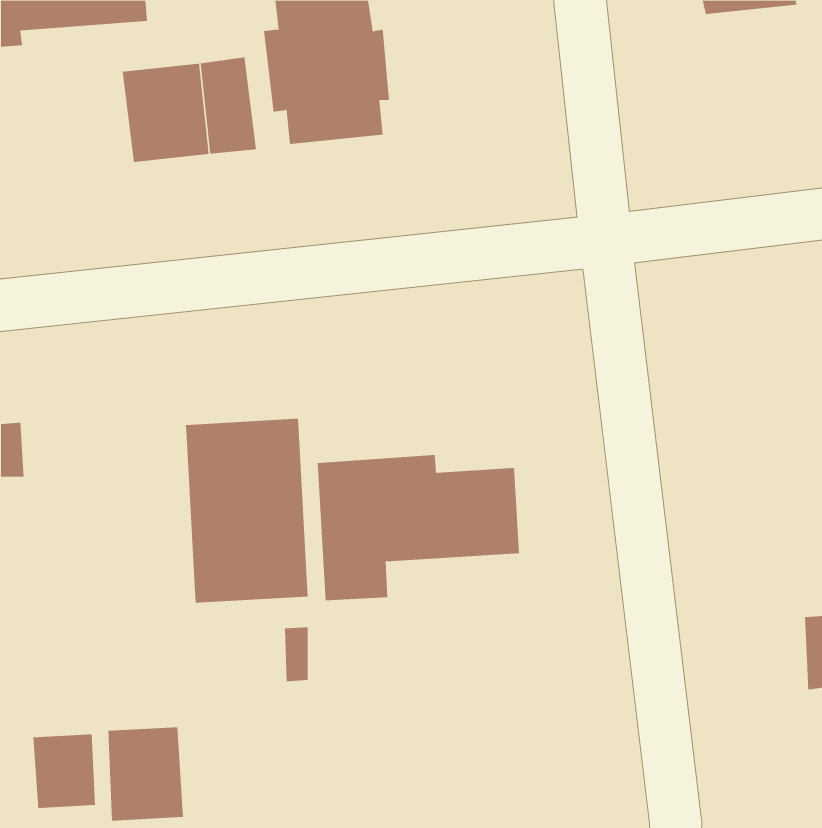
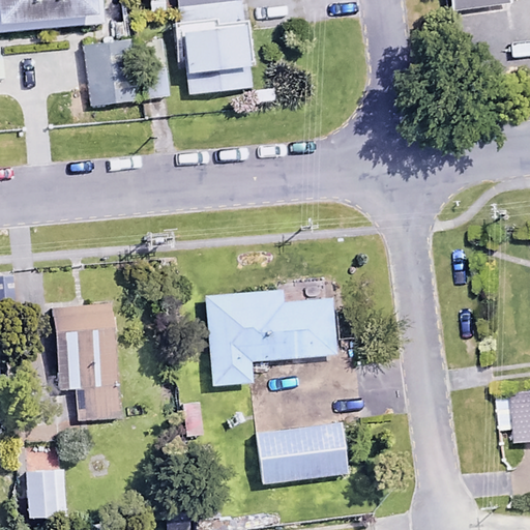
building: [185,418,309,603] -> [41,303,120,421]
building: none -> [259,420,349,481]
building: [108,727,184,821] -> none

